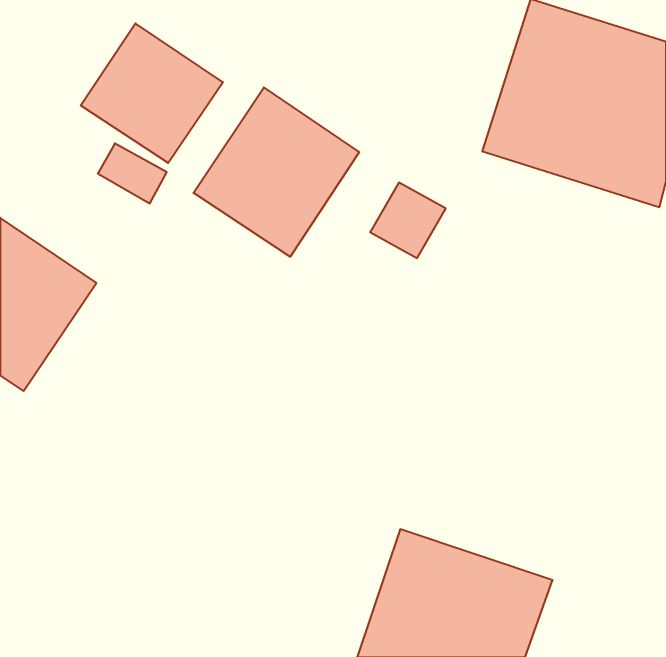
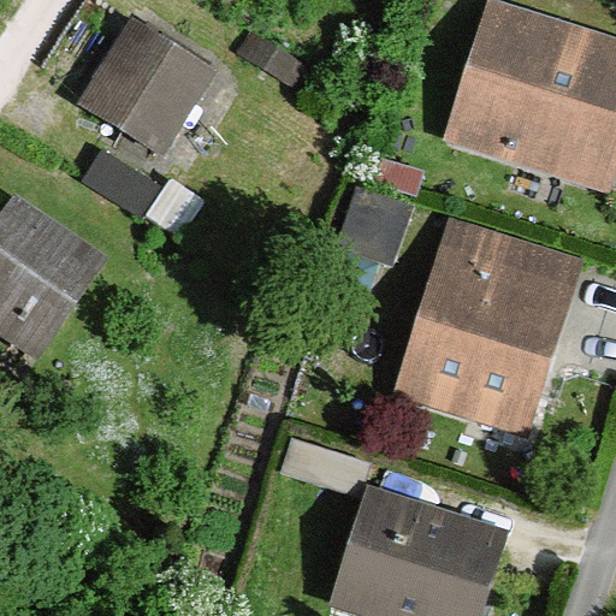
building: [193,87,359,257] -> none
building: none -> [395,220,582,432]

